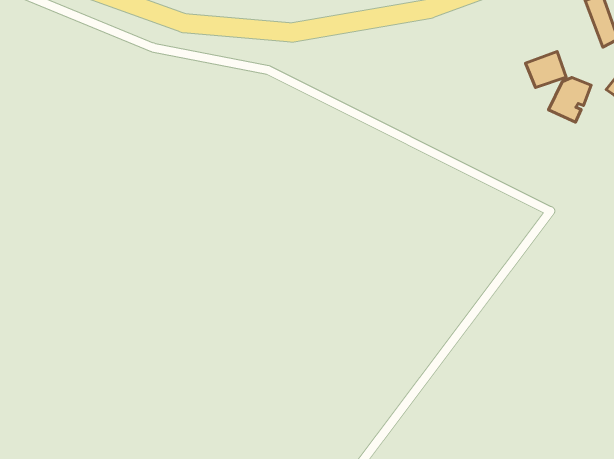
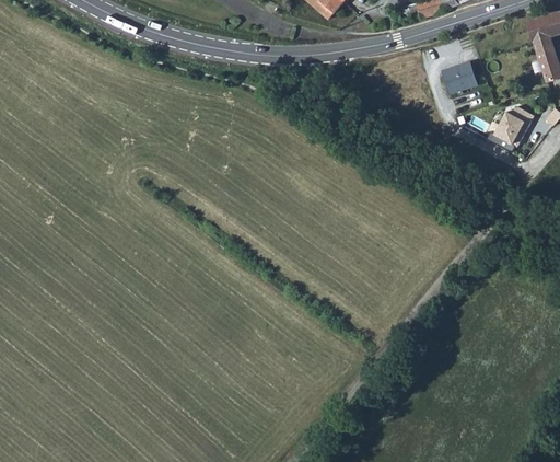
building: [525,52,566,88] -> [442,60,477,91]

